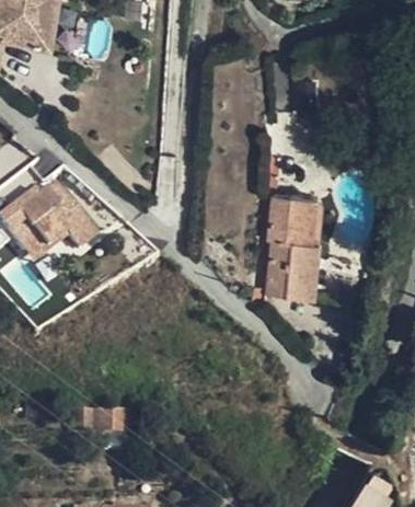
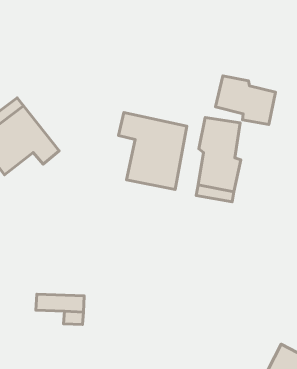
building: none -> [215,76,275,124]
building: none -> [118,112,187,190]

